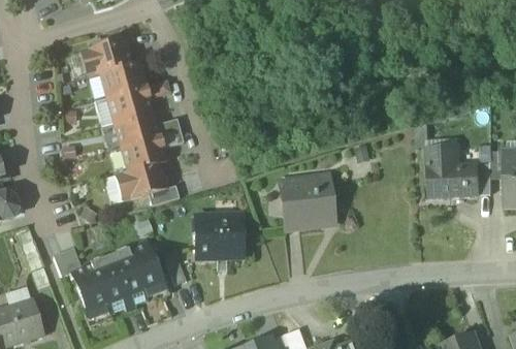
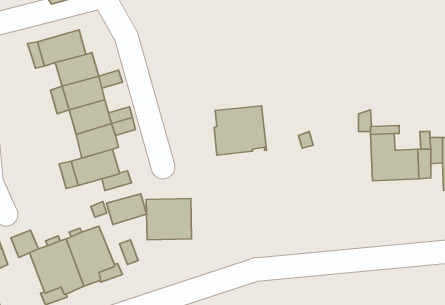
building: [281,173,335,225] -> [214,106,266,155]
building: none -> [106,194,147,224]

